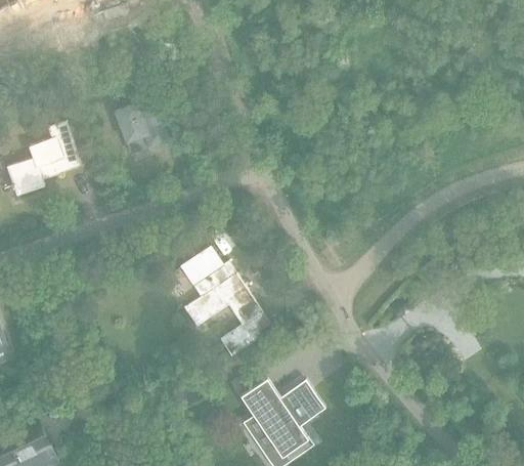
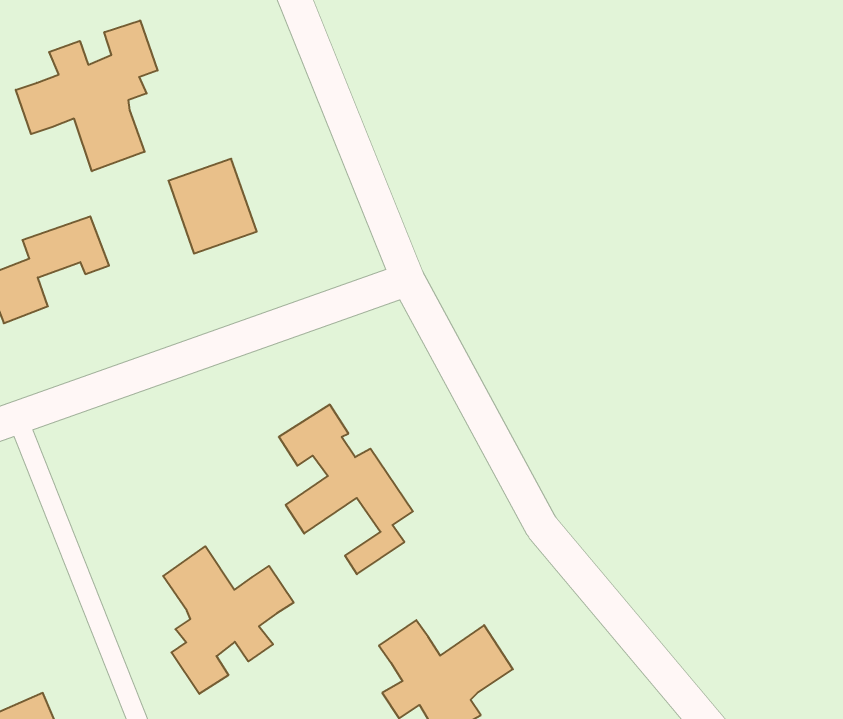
building: none -> [16,20,158,171]
building: none -> [163,546,294,694]

